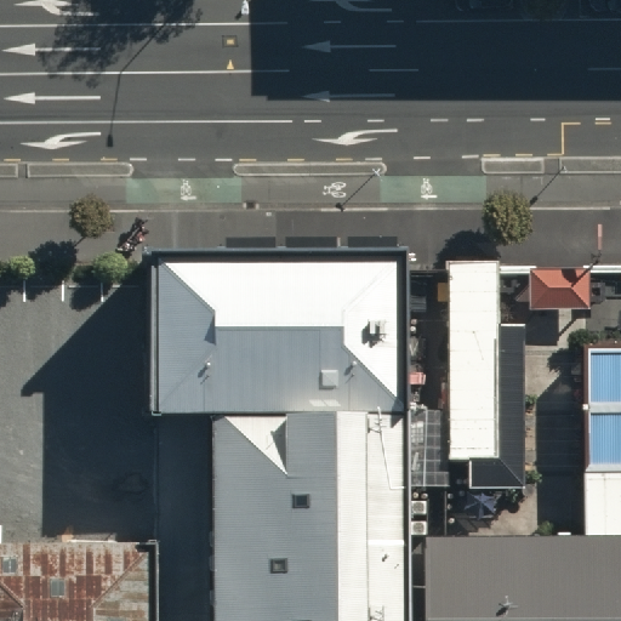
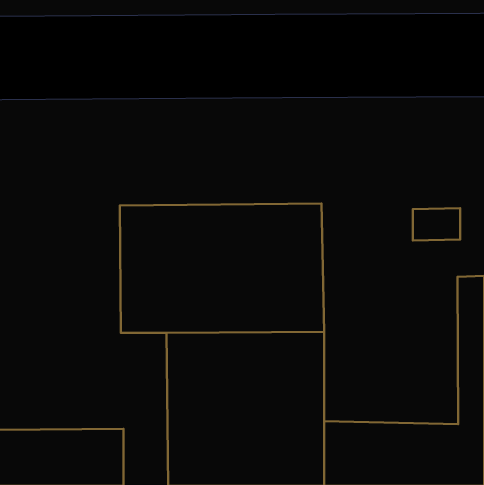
building: [448,261,522,488] -> none

